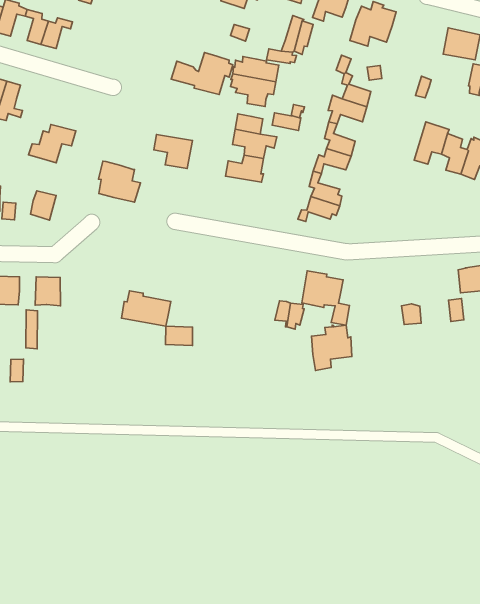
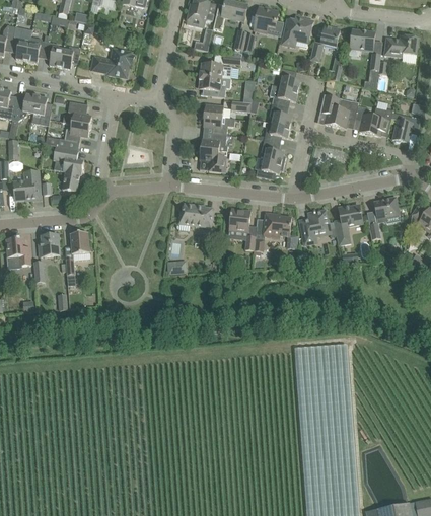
building: none -> [309,25,340,62]
building: [171,52,233,95] -> [90,48,134,77]
building: none -> [62,101,91,126]
building: none -> [319,94,341,126]
building: [154,135,193,168] -> [199,149,226,171]
building: [99,161,140,202] -> [53,146,83,173]
building: none -> [228,208,249,231]
building: none -> [338,205,362,226]
building: [121,291,171,326] -> [178,203,213,226]
building: [311,325,352,370] -> [299,210,330,244]

